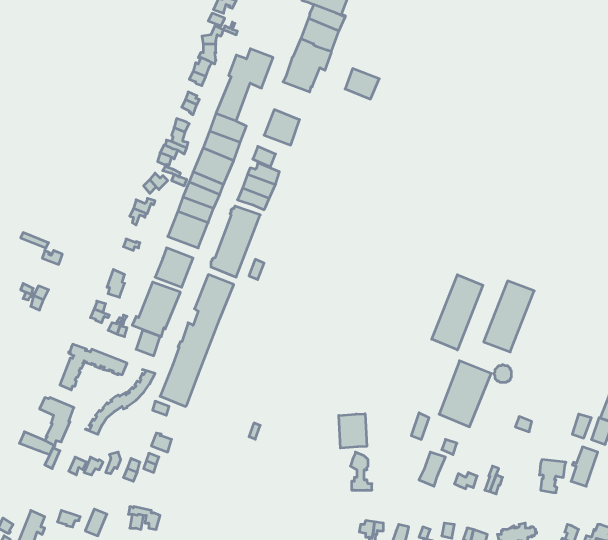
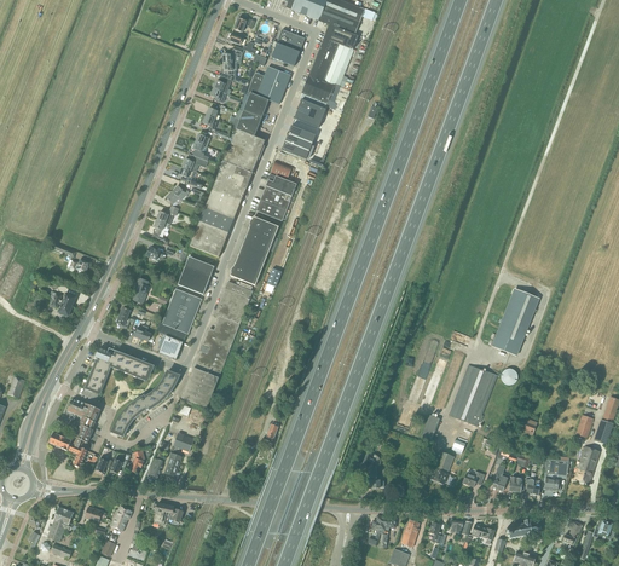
building: none -> [272,33,306,68]
building: [345,69,379,99] -> [294,99,326,128]
building: [432,275,483,350] -> none
building: [339,414,367,448] -> none

